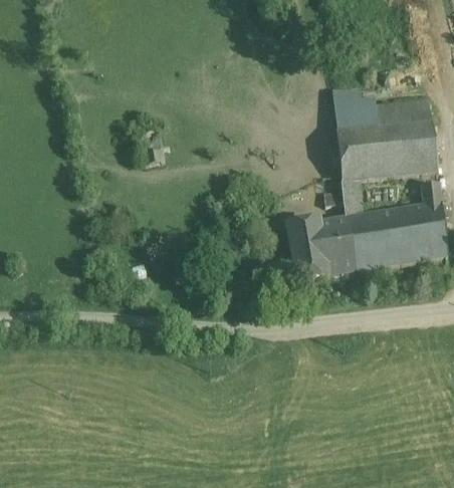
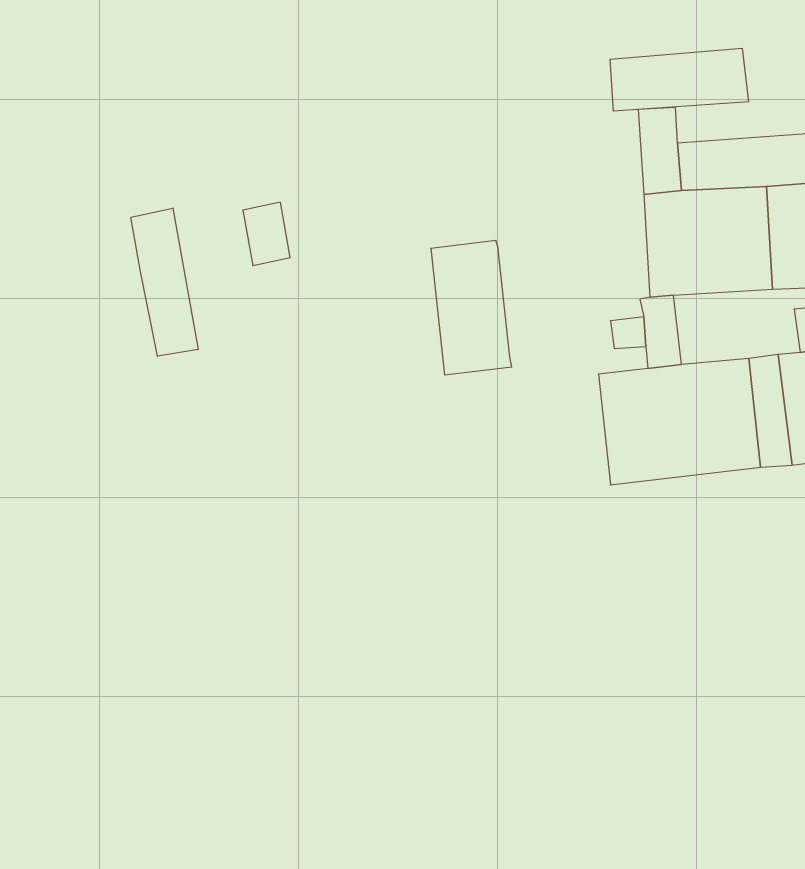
building: none -> [610,48,748,111]
building: none -> [131,208,198,356]
building: [285,214,326,282] -> [431,240,512,375]

